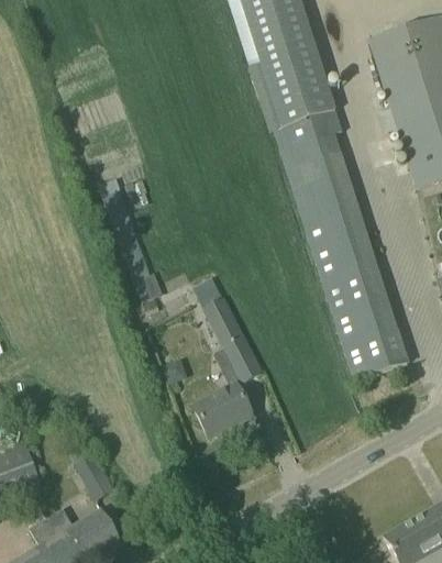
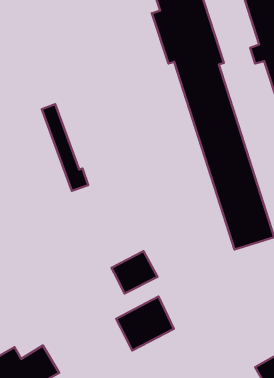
building: [190,275,262,383] -> none
building: none -> [116,296,174,350]
building: [75,453,115,499] -> none

